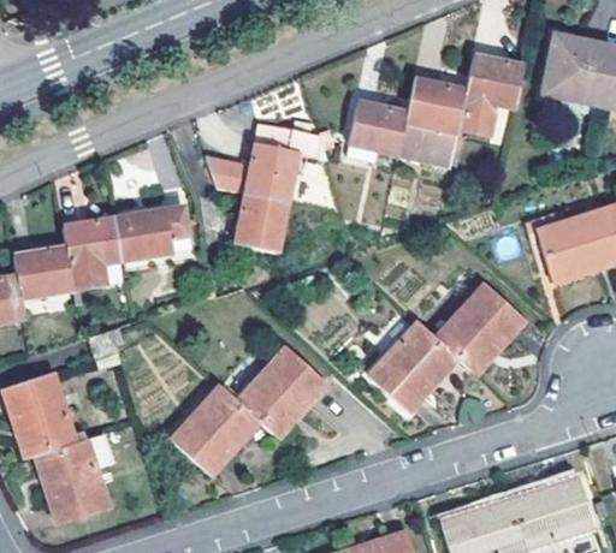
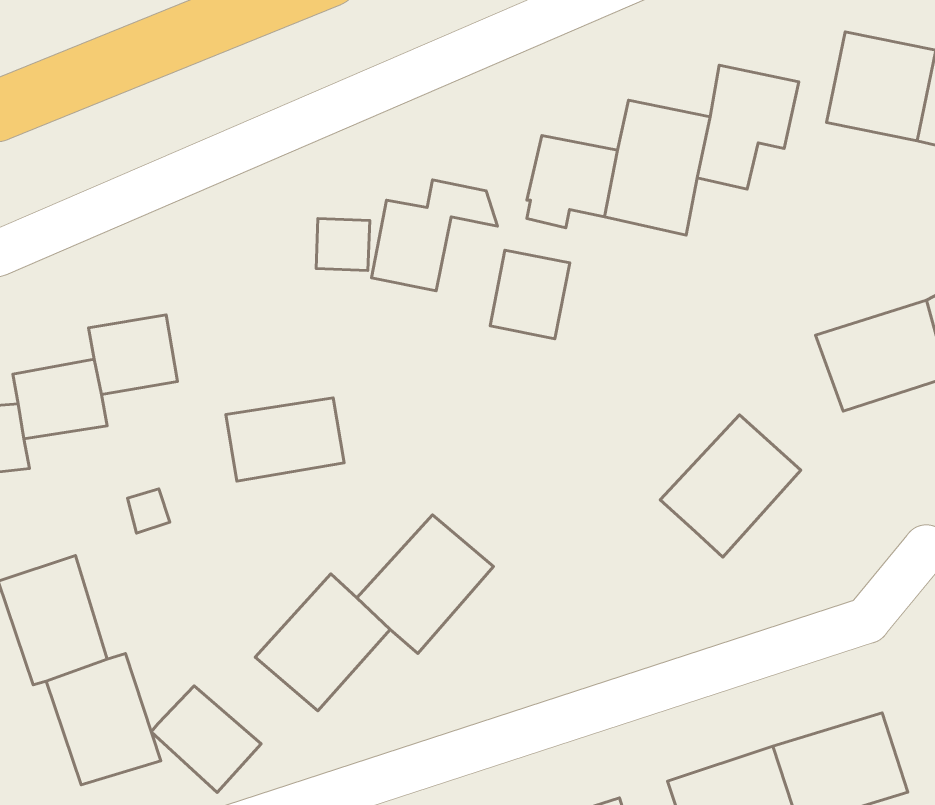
building: [236,194,288,251] -> [490,250,570,339]
building: [112,207,189,261] -> [226,398,344,481]
building: [367,322,456,411] -> none
building: none -> [151,686,261,792]

